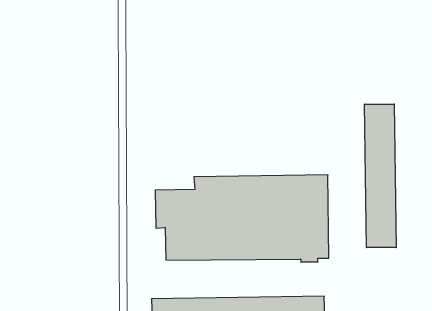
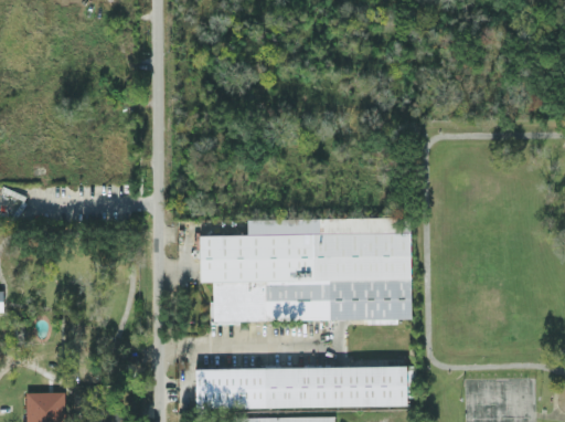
building: [365,104,396,248] -> none

